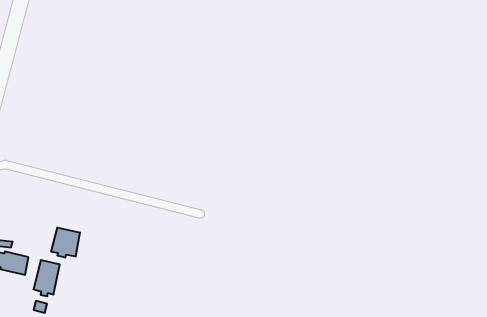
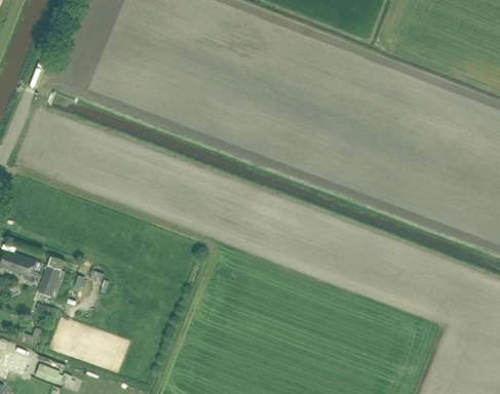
building: [51,227,80,258] -> none

